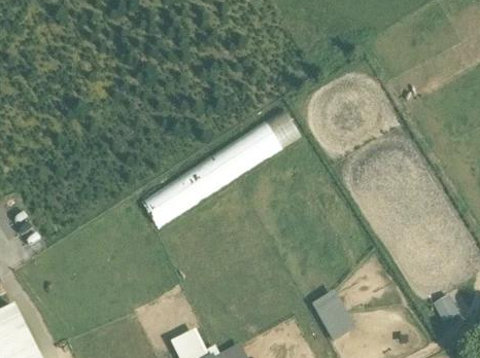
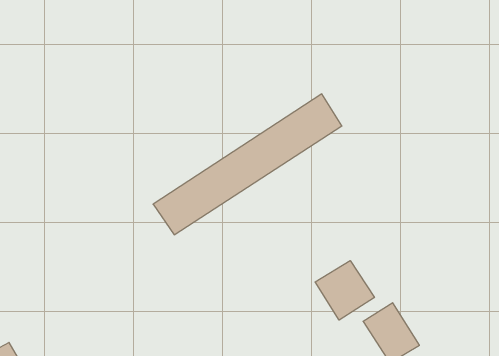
building: none -> [315,261,374,320]

